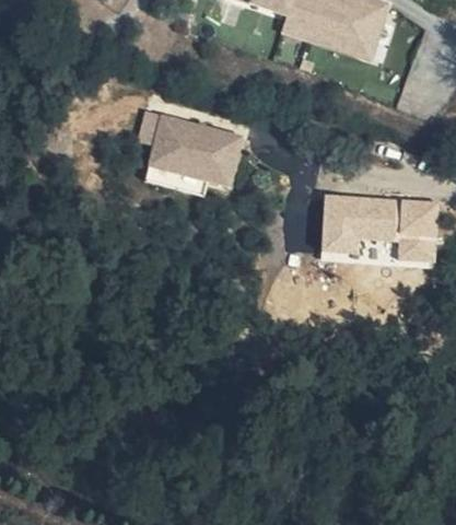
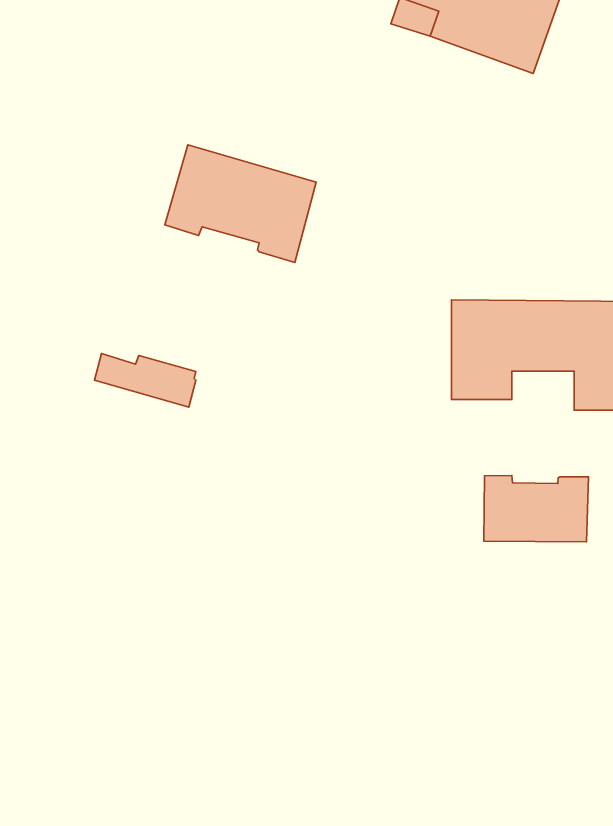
building: [141,153,203,186] -> [94,354,196,407]
building: none -> [484,475,588,542]

